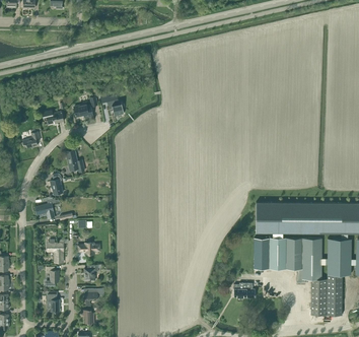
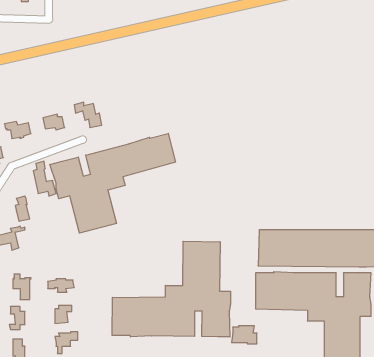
building: none -> [50,133,176,233]
building: none -> [112,241,231,337]

